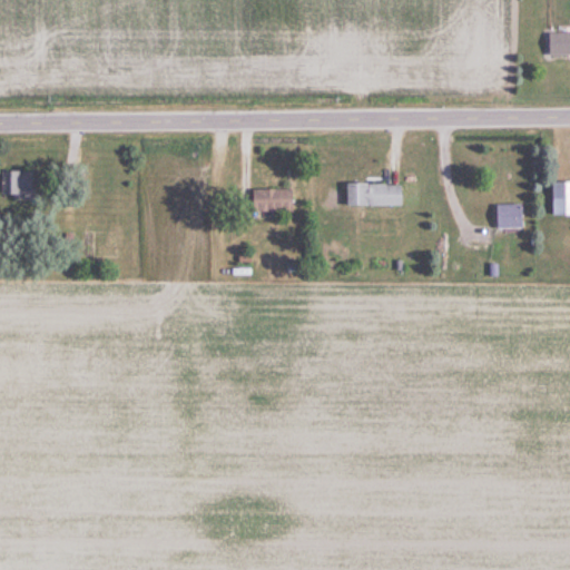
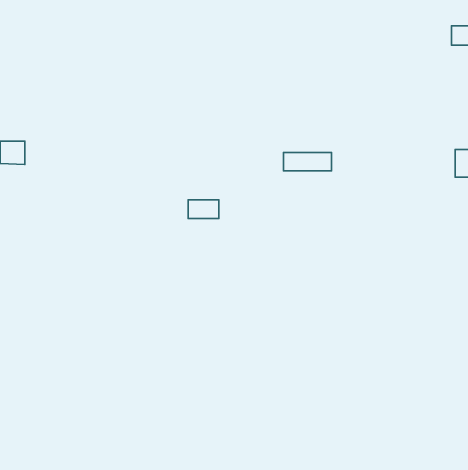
building: [254,189,291,212] -> [188,200,219,218]
building: [497,204,523,228] -> none

